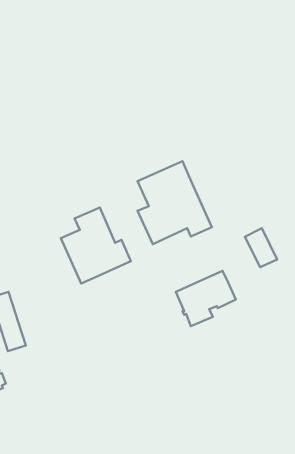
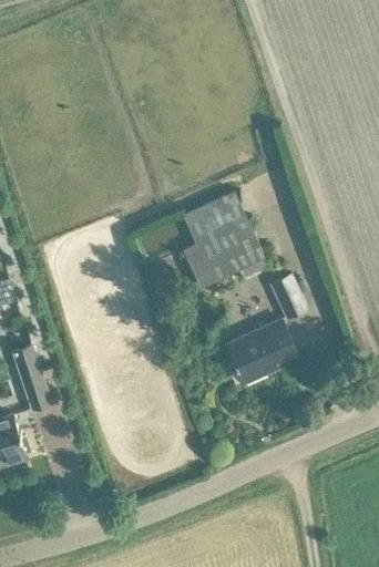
building: [61,207,131,283] -> none
building: [245,228,277,267] -> [268,274,306,319]

